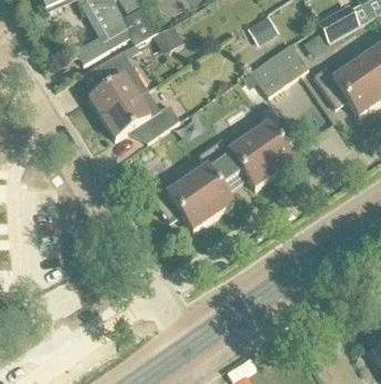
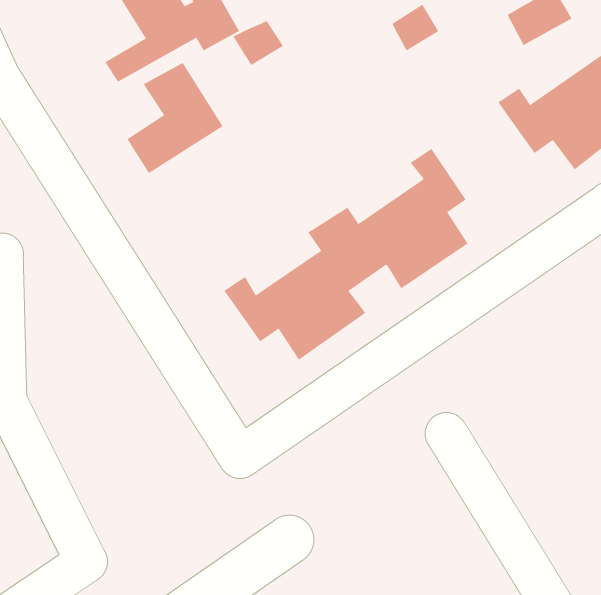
building: [251,42,308,95] -> none
building: [102,90,178,142] -> none

